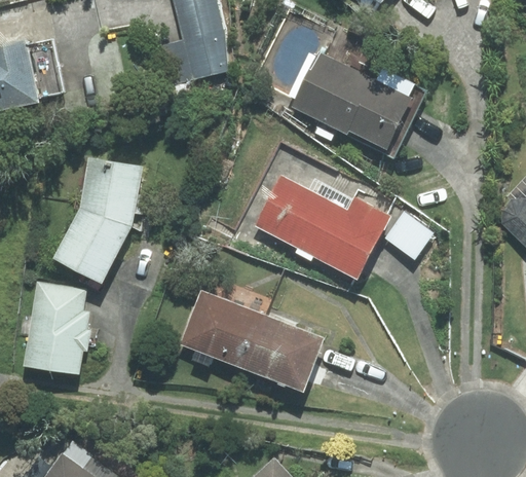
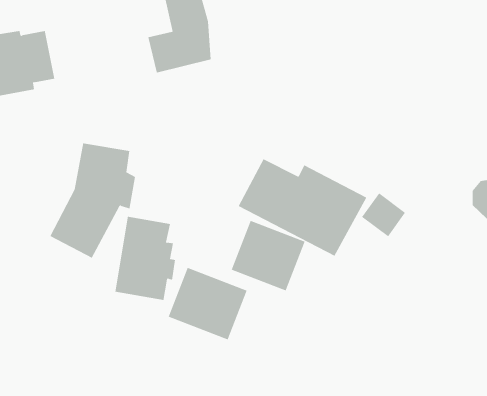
building: [290,53,424,156] -> none
building: [25,284,89,373] -> [114,216,176,301]
building: [243,316,323,391] -> [231,220,306,291]

